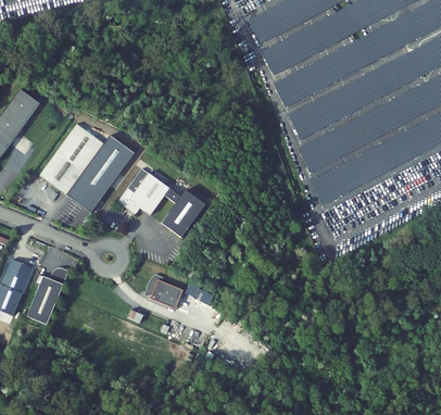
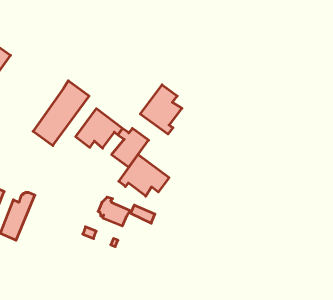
building: [39,123,103,194] -> none
building: none -> [140,85,182,134]
building: none -> [119,155,169,196]

